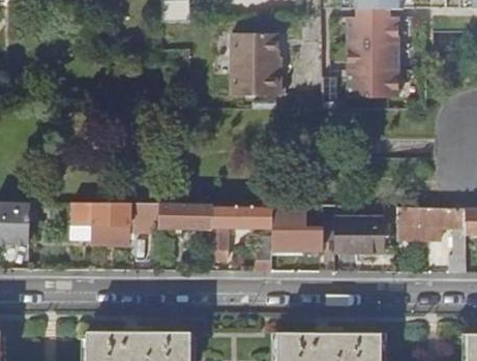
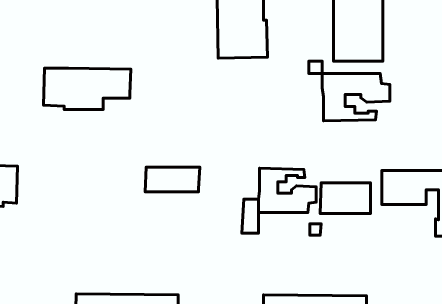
building: none -> [322,74,390,121]
building: [71,203,159,244] -> [43,68,131,109]
building: [211,204,273,261] -> none

